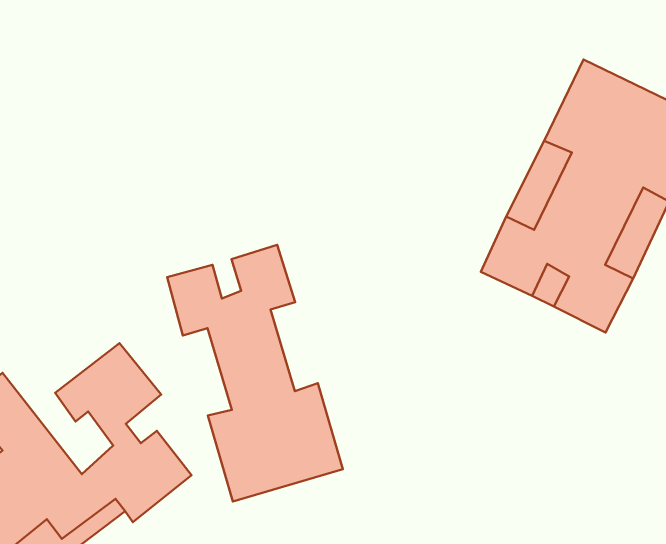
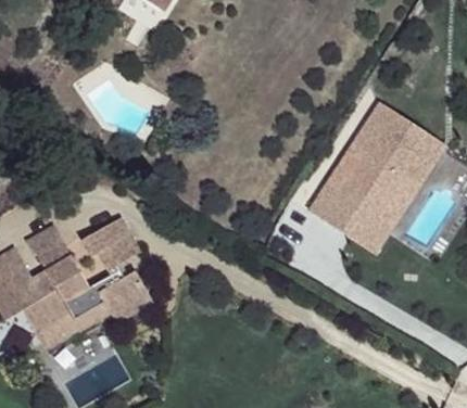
building: [167,245,343,501] -> none

